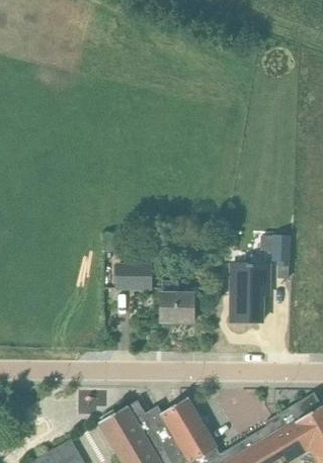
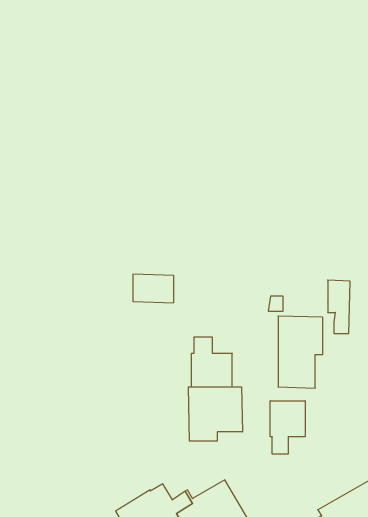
building: [116,266,150,289] -> [133,274,174,303]
building: none -> [188,387,242,441]
building: none -> [270,401,305,454]

